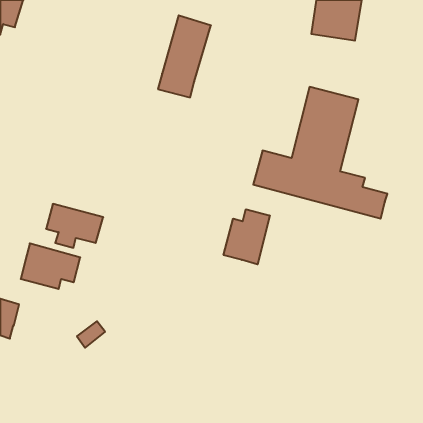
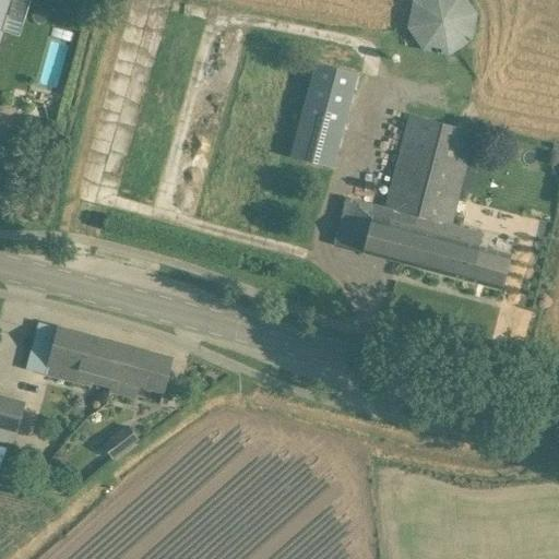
building: [158,15,211,97] -> [290,59,360,167]
building: [46,204,103,248] -> [97,340,173,397]
building: [224,209,270,264] -> none

